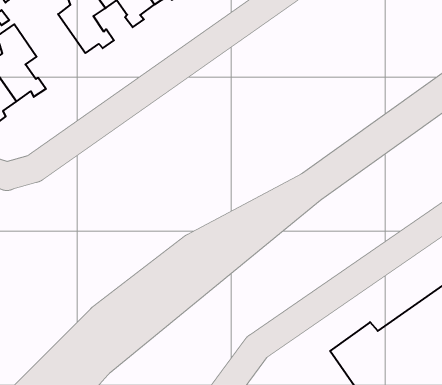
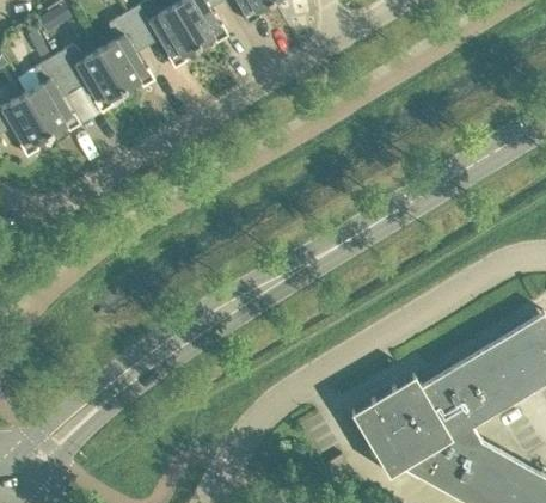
building: none -> [54,45,124,114]

